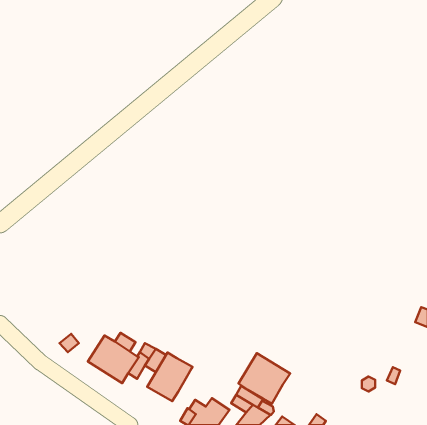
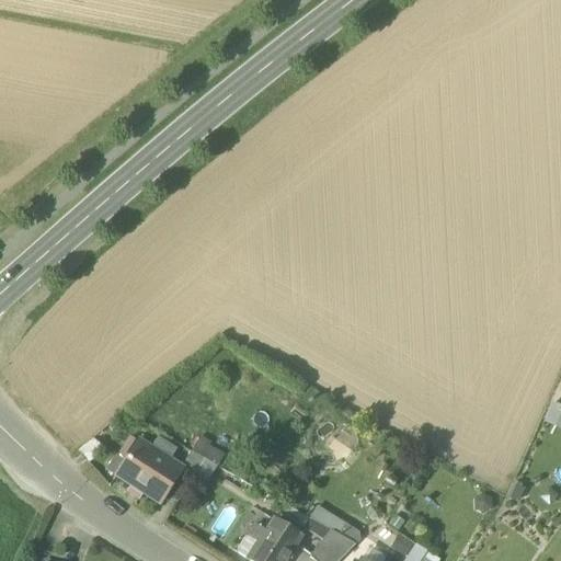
building: [147,352,192,401] -> none
building: [239,353,290,404] -> none

